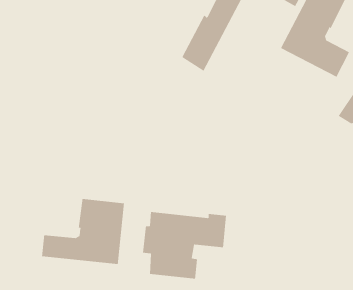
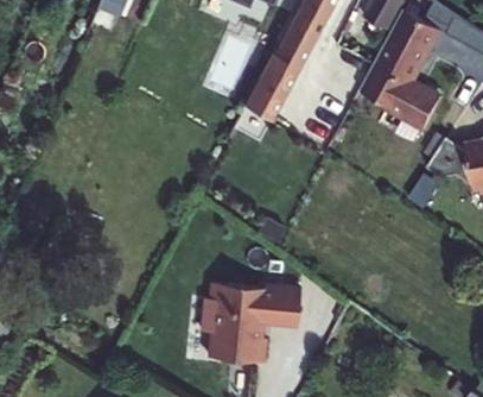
building: [42,198,124,265] -> none

